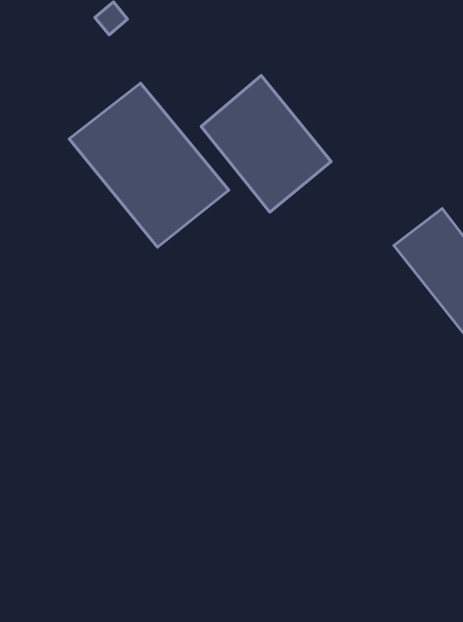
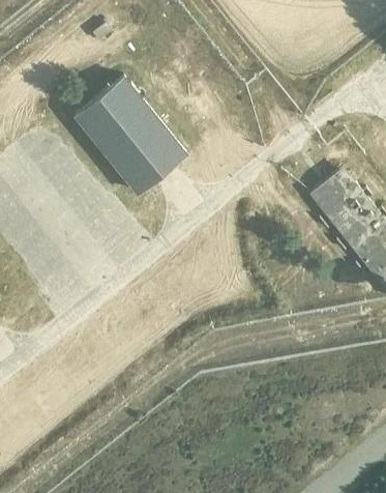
building: [201,76,331,212] -> none

